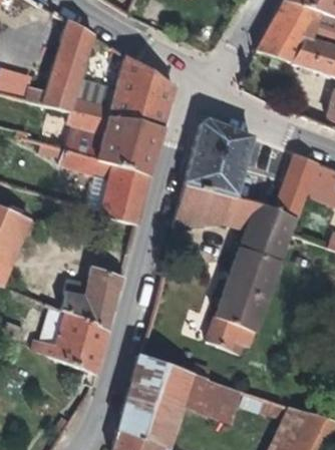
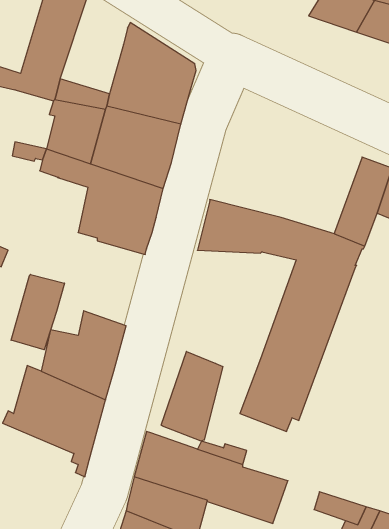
building: [185,119,254,197] -> none
building: none -> [11,274,64,350]
building: none -> [161,351,223,441]

